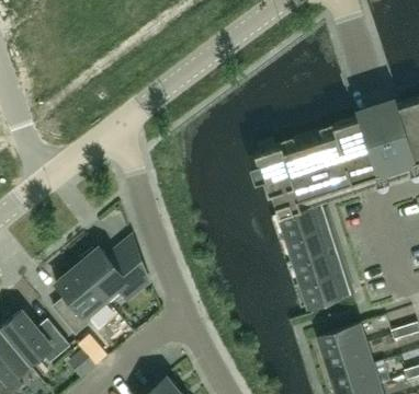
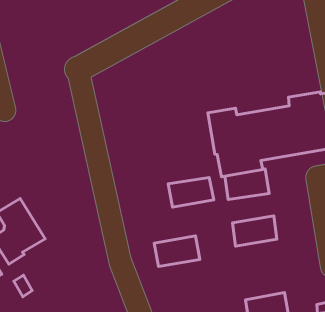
building: [287,225,336,260] -> [168,178,214,207]
building: [78,235,149,303] -> none
building: [302,270,350,306] -> [154,236,200,267]

